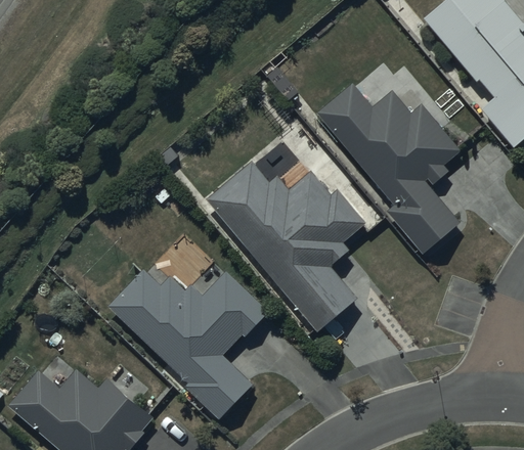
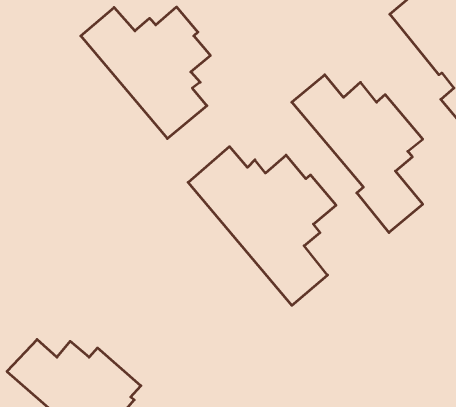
building: none -> [81,7,210,139]
building: [110,271,269,421] -> none

